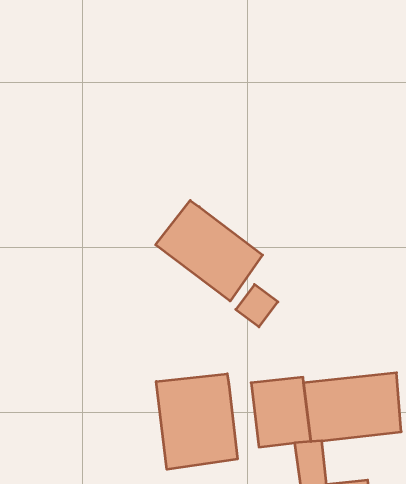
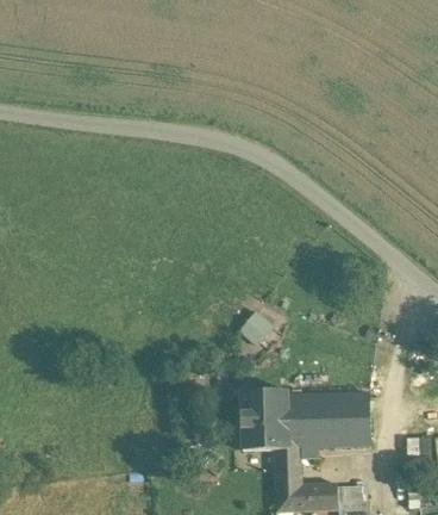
building: [156,200,263,301] -> none
building: [156,374,237,469] -> none

